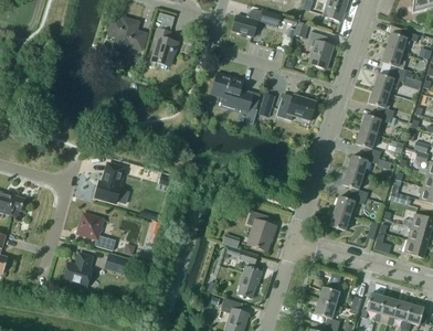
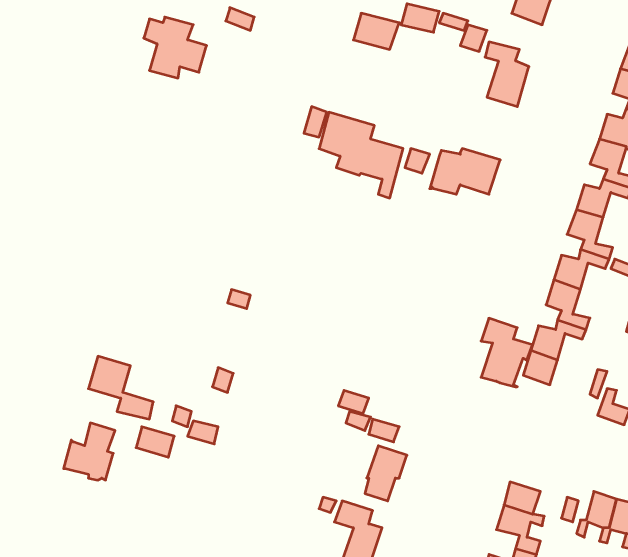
building: [150,28,178,65] -> none
building: [94,163,124,203] -> none
building: [246,211,276,250] -> [481,318,533,387]

